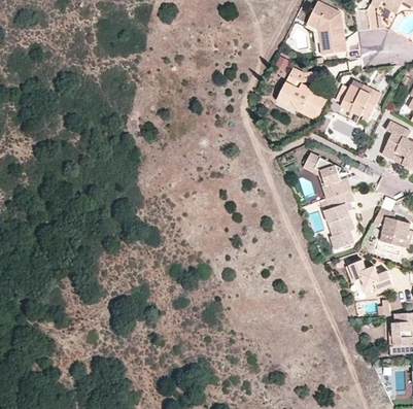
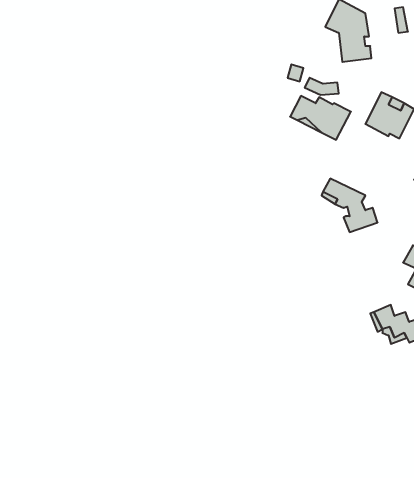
building: [323,190,354,249] -> none

